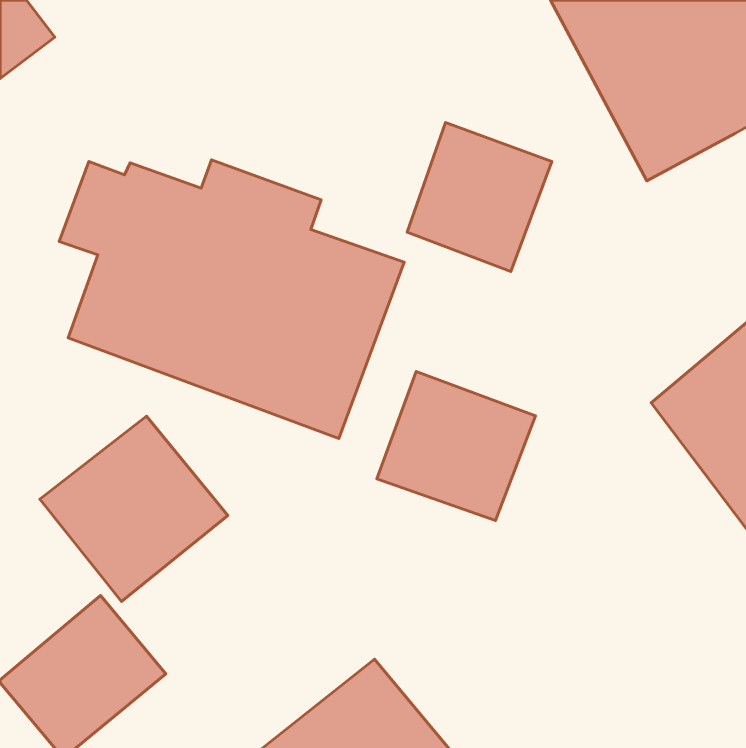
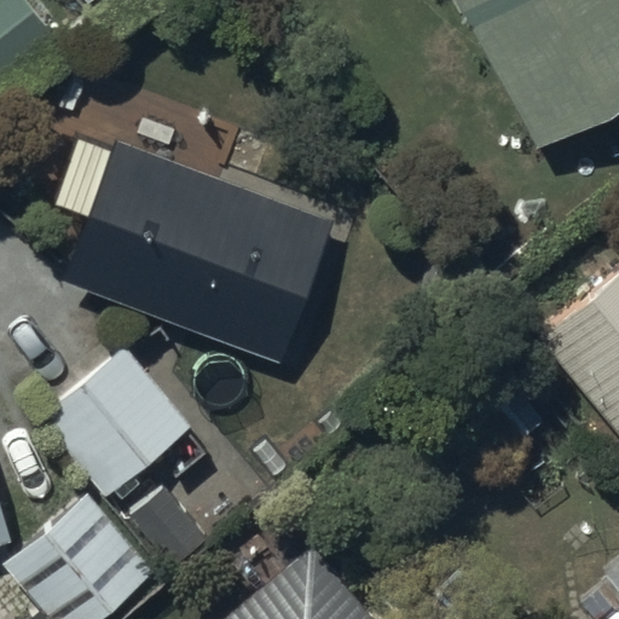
building: [407,123,552,272] -> none
building: [377,371,535,521] -> none

